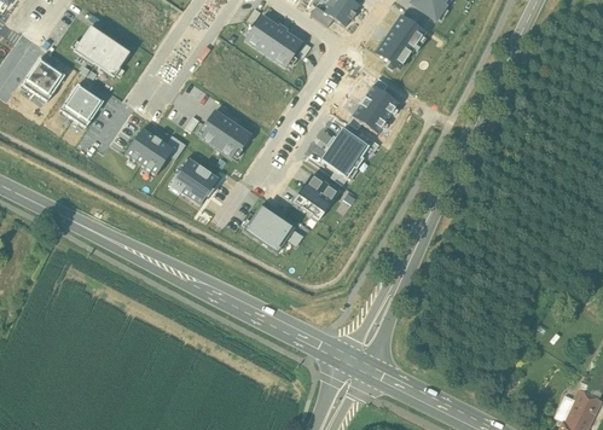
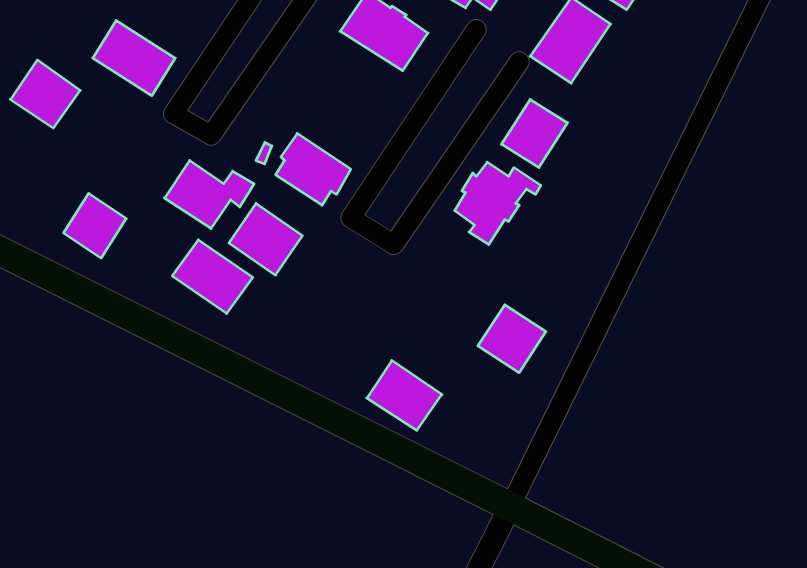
building: [62,81,104,124] -> [64,193,126,258]
building: [294,172,340,217] -> [478,305,546,373]
building: none -> [172,240,253,314]
building: [244,203,295,250] -> [367,360,442,430]

